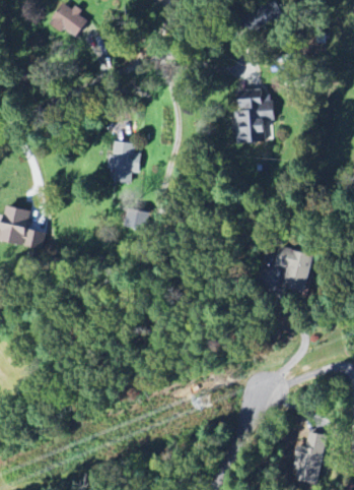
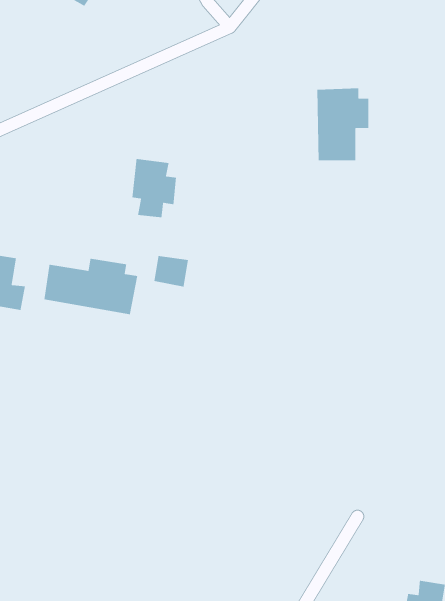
building: none -> [44,258,138,315]
building: [277,246,314,295] -> none

